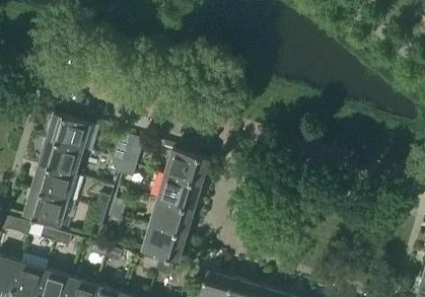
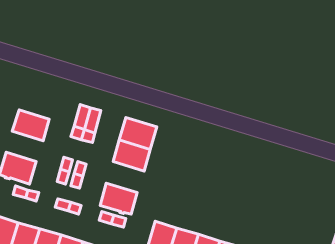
building: [48,113,91,150] -> none
building: [32,164,76,200] -> none
building: [150,200,195,236] -> none

